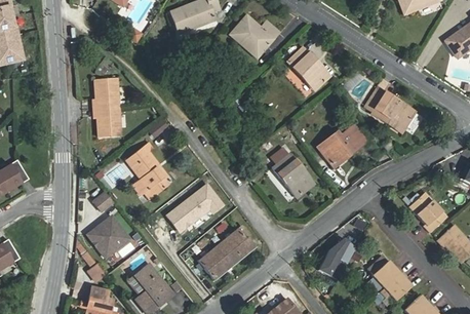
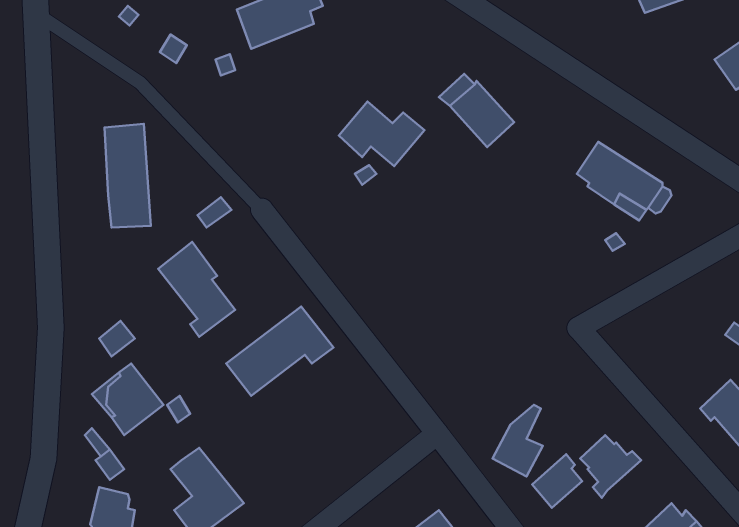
building: [230,14,279,51] -> [339,102,425,166]
building: [319,124,366,167] -> none
building: [272,153,314,197] -> none
building: [408,192,447,232] -> none
building: [198,225,256,280] -> none
building: [383,270,412,301] -> [532,454,582,508]

